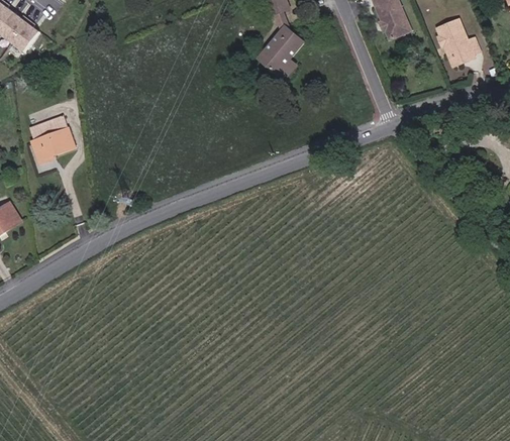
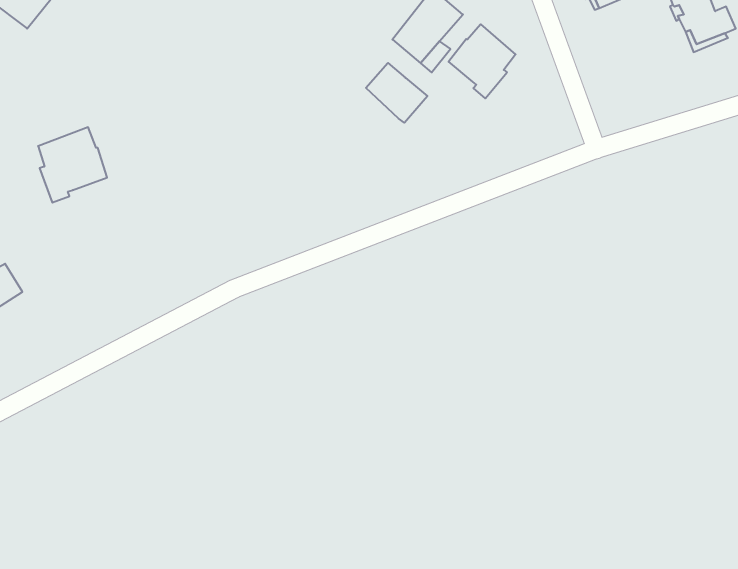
building: none -> [449,24,516,98]
building: none -> [366,63,427,123]

